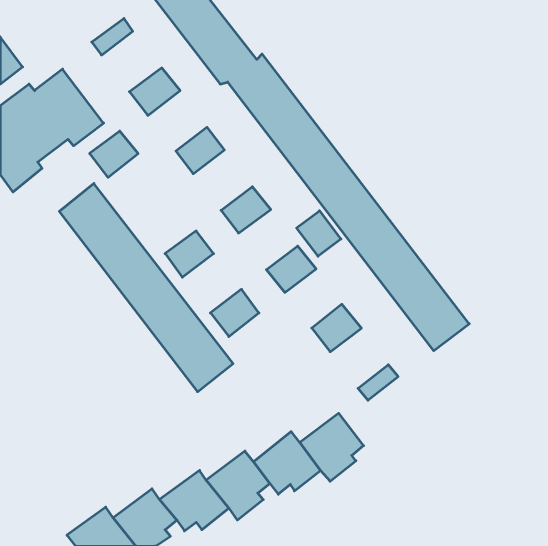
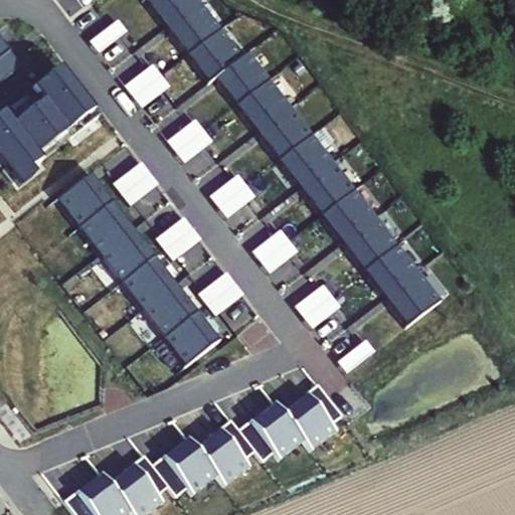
building: [90,131,138,177] -> [115,160,160,203]
building: [297,211,341,256] -> none

